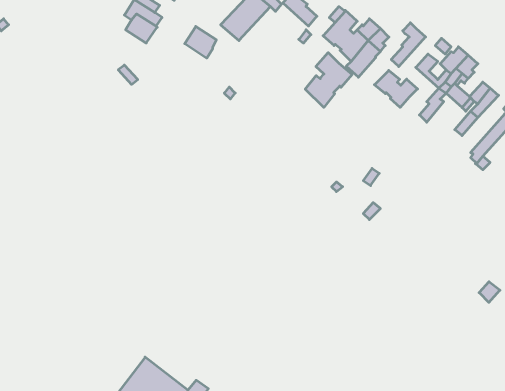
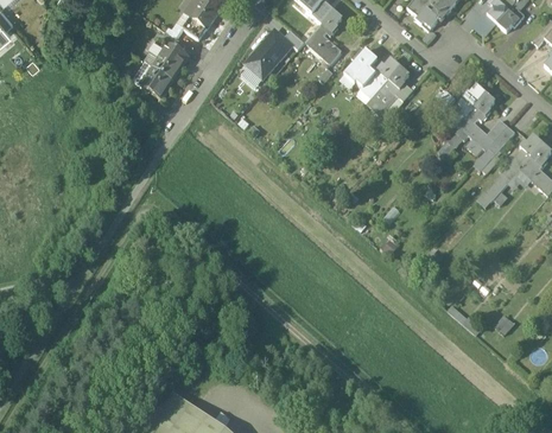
building: [391,23,426,67] -> none
building: [185,26,216,58] -> [141,71,172,102]
building: [305,53,352,107] -> none
building: [374,70,418,107] -> none

